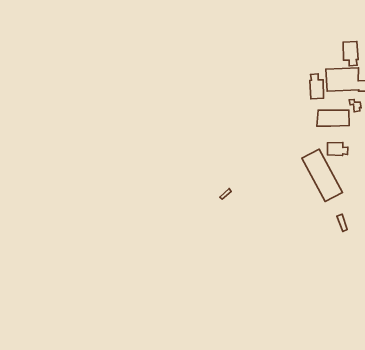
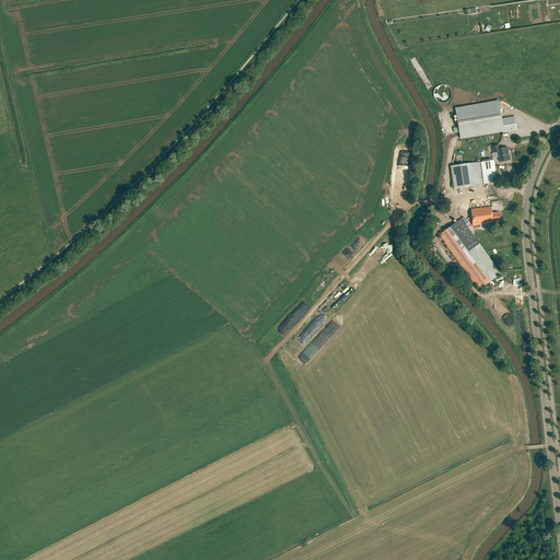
building: [343,42,358,66] -> none
building: [310,74,324,99] -> none

